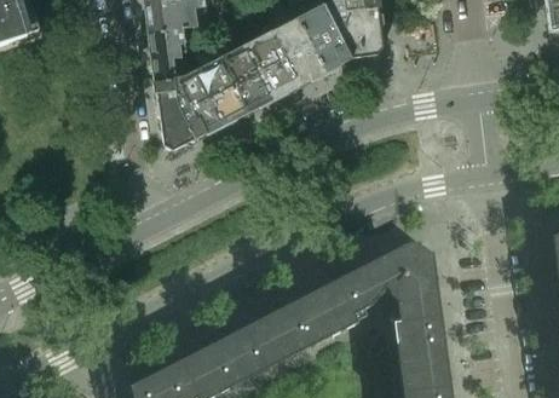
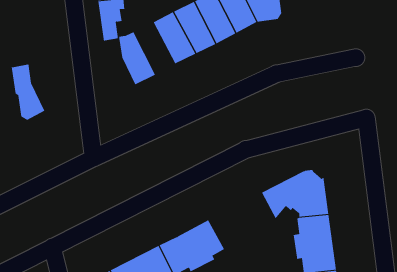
building: [192,56,244,122] -> none
building: [150,76,194,148] -> [11,64,45,120]
building: [287,271,371,342] -> none

